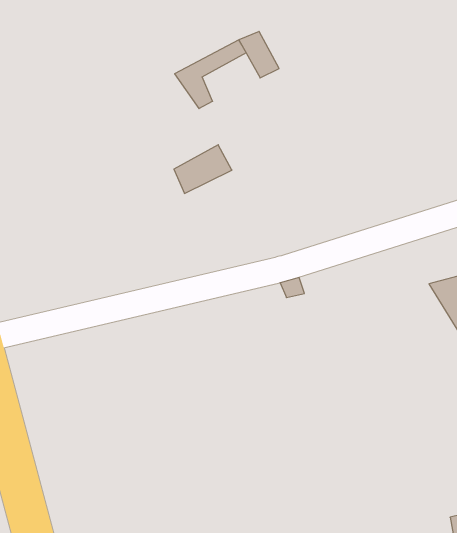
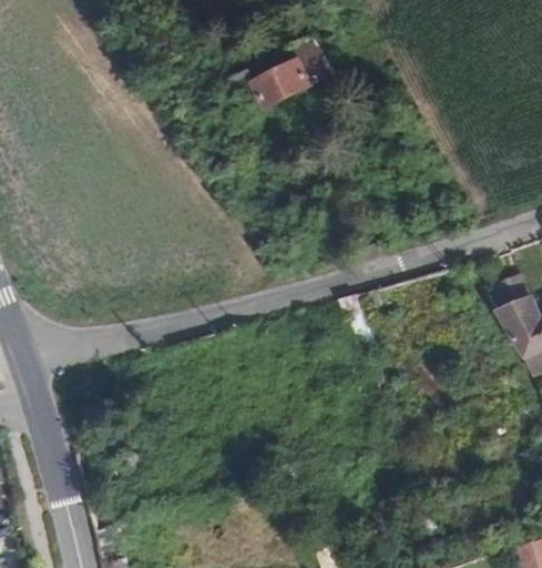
building: [174,145,232,193] -> [257,62,318,113]

